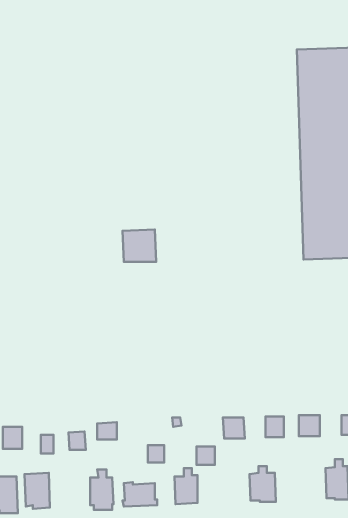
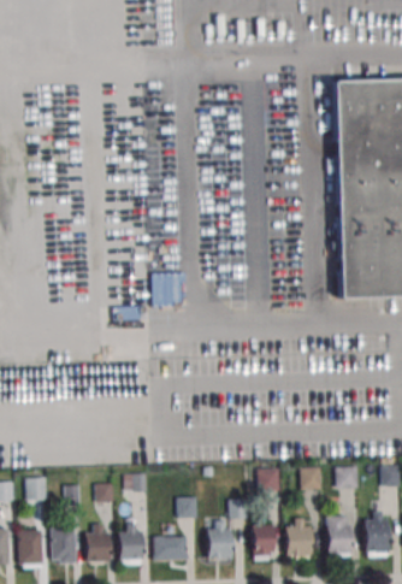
building: none -> [327,514,351,551]
building: none -> [87,521,110,560]
building: none -> [253,523,274,554]

